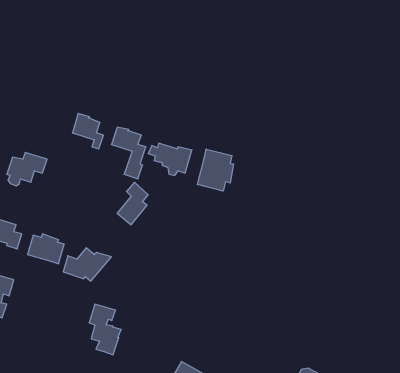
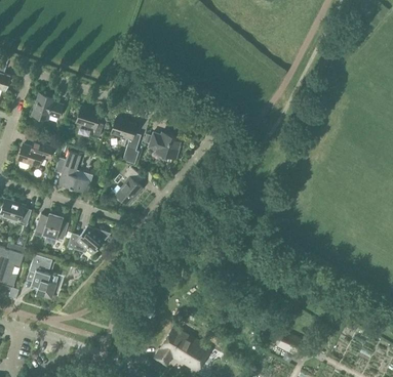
building: none -> [31,93,63,120]
building: [197,149,234,191] -> none
building: none -> [53,152,89,193]
building: [89,304,121,355] -> [29,254,57,299]

